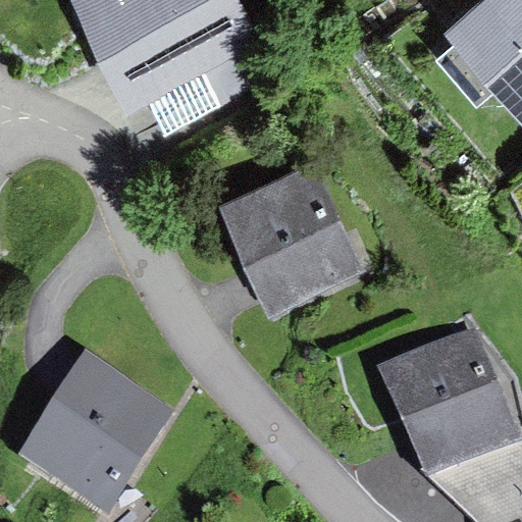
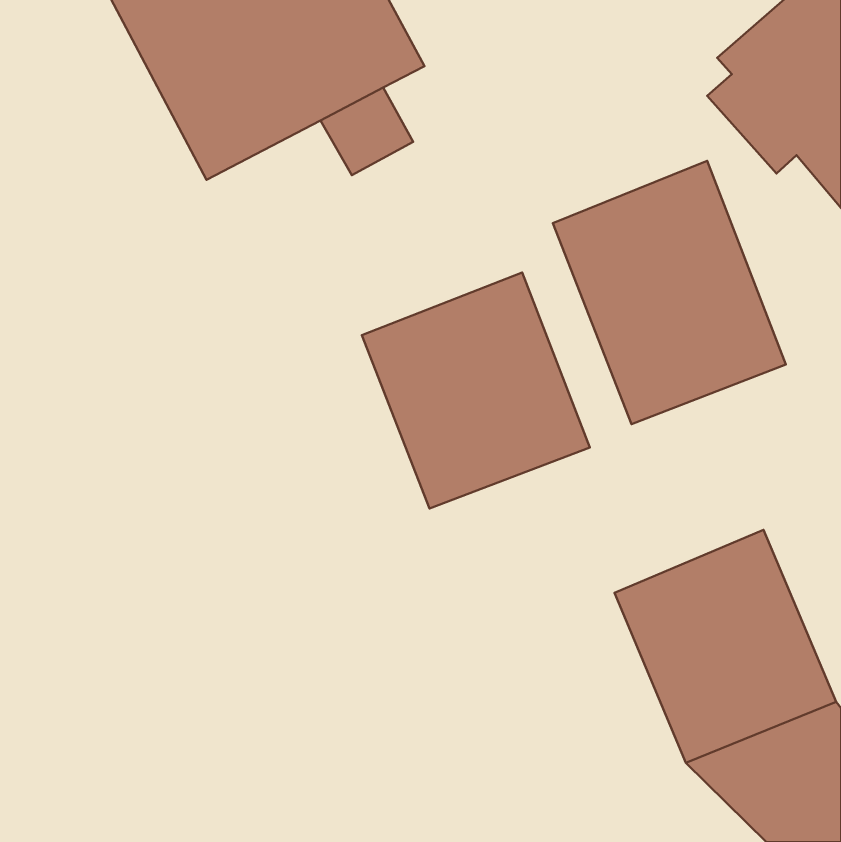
building: none -> [553,161,786,424]
building: [18,348,176,510] -> none

